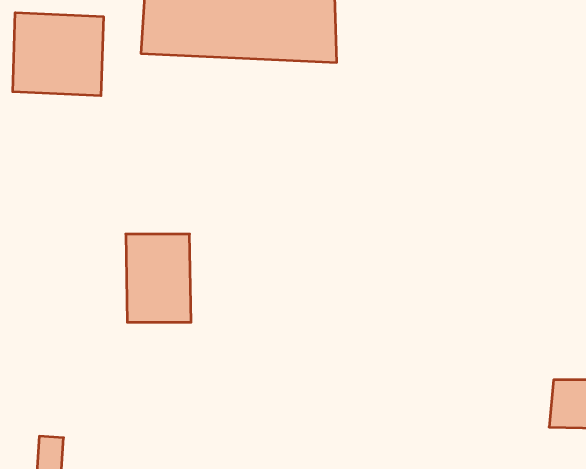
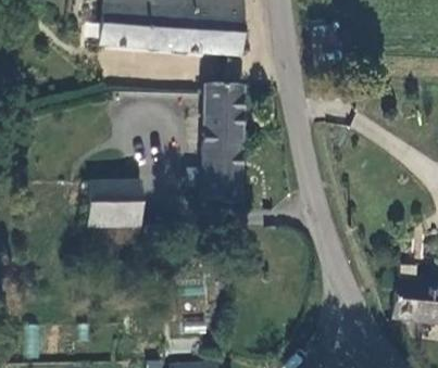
building: [13,13,103,96] -> none
building: none -> [203,84,242,201]

